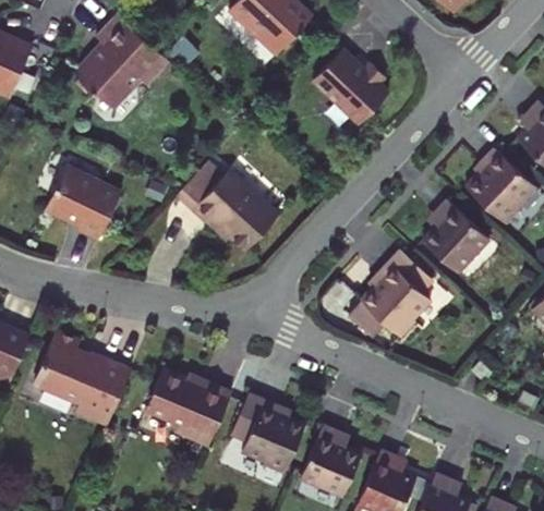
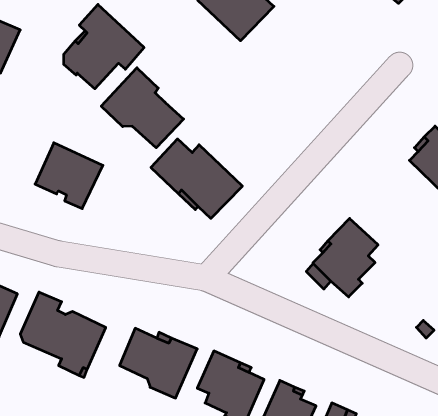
building: [317,50,392,124] -> none
building: none -> [101,68,184,148]
building: [423,198,488,270] -> none

